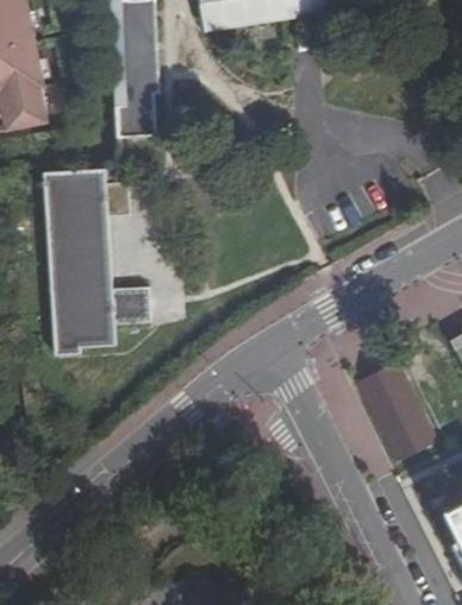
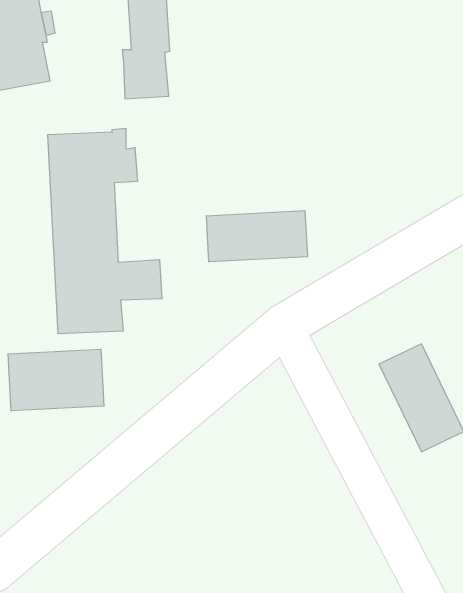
building: none -> [207,211,307,262]
building: none -> [8,349,104,411]

